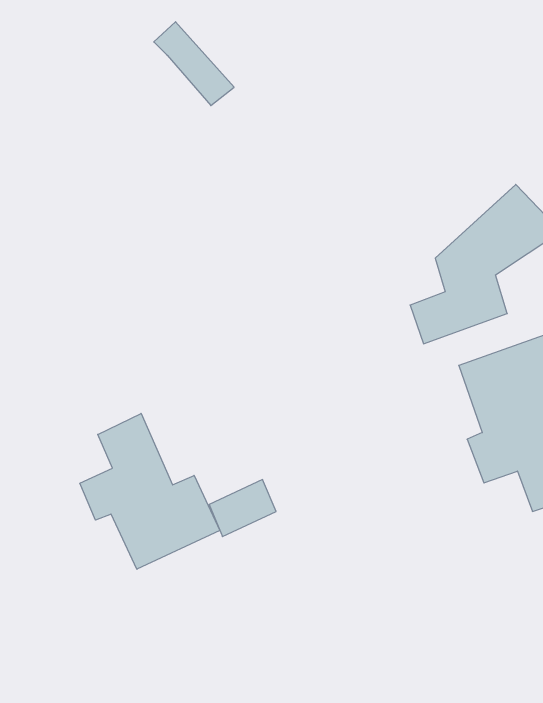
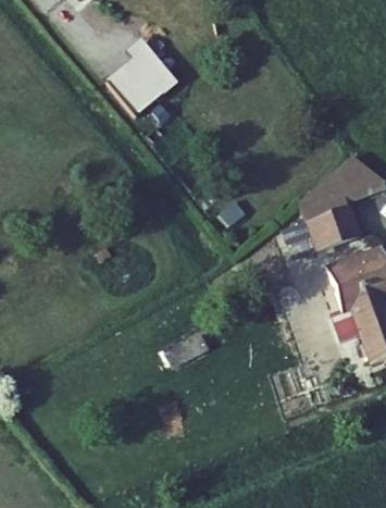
building: none -> [111,60,164,114]
building: [80,413,220,569] -> none

